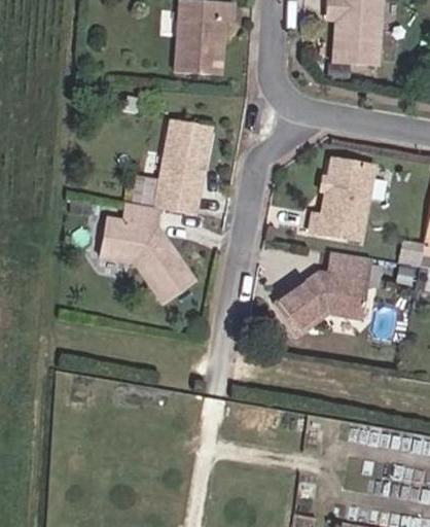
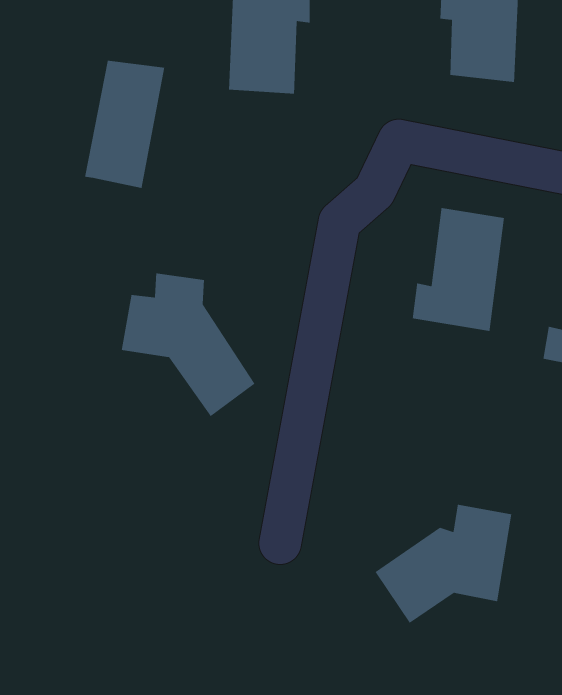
building: [154,121,212,213] -> [84,60,165,189]
building: [274,251,371,337] -> [375,504,512,624]

